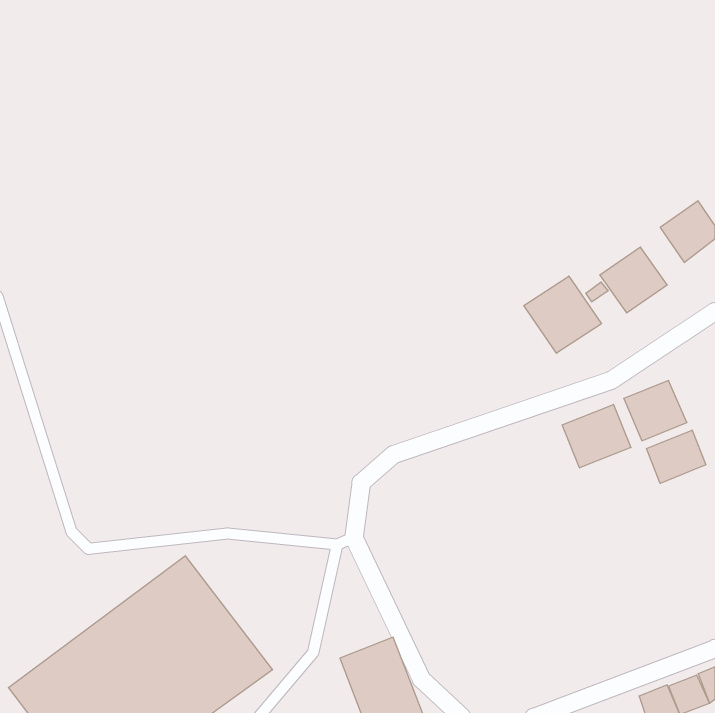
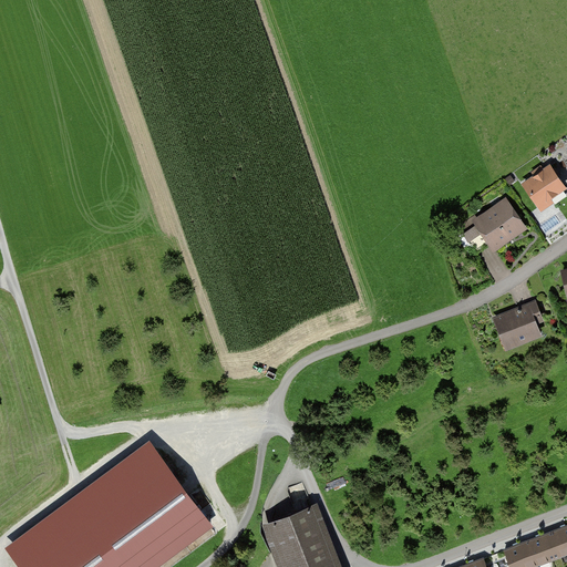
building: [524,276,602,353] -> none
building: [562,404,631,468] -> none
building: [647,430,706,483] -> none

